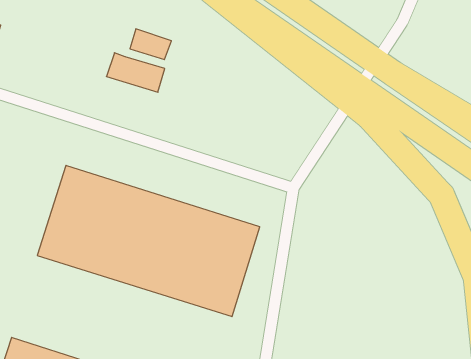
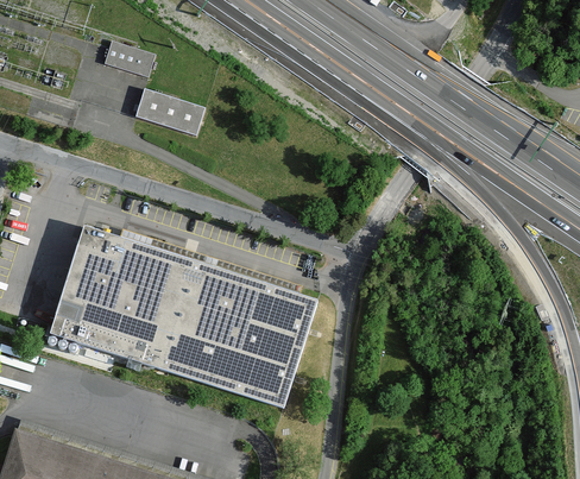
building: [130,29,171,60] -> [102,39,152,76]

